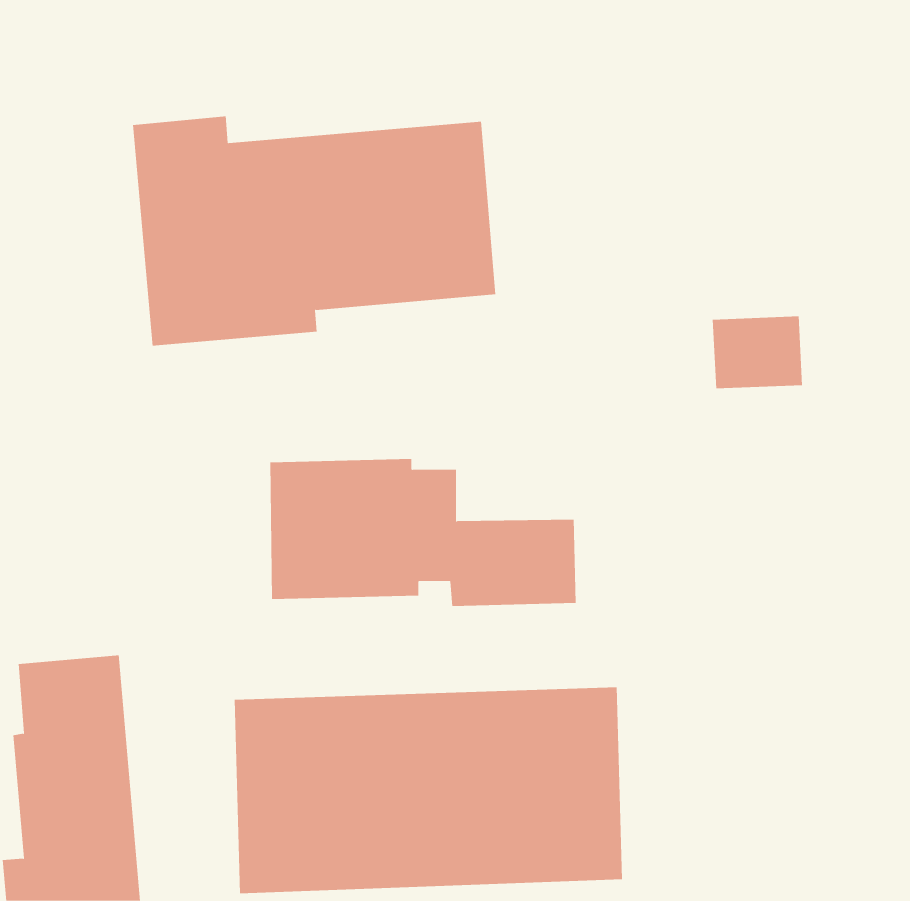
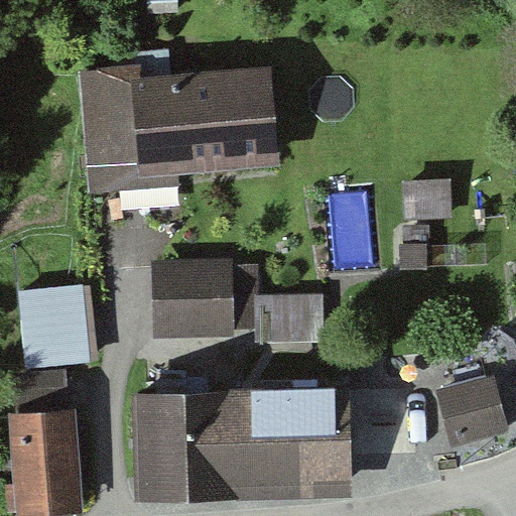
building: none -> [17,284,92,368]
building: none -> [436,375,509,445]

